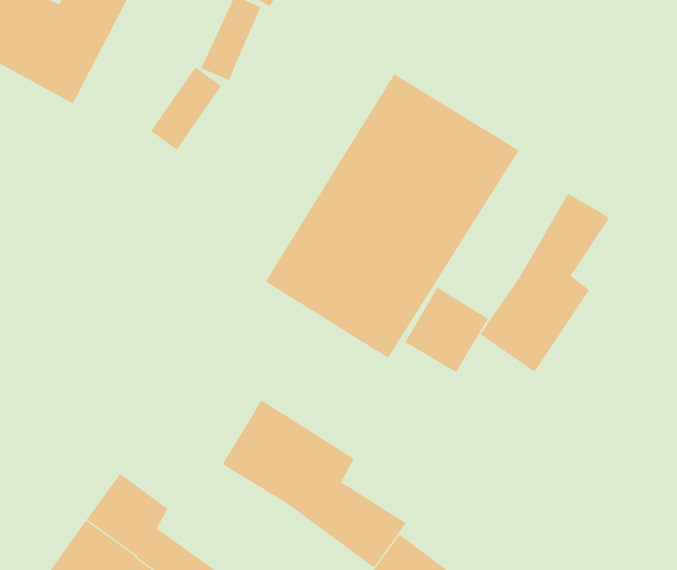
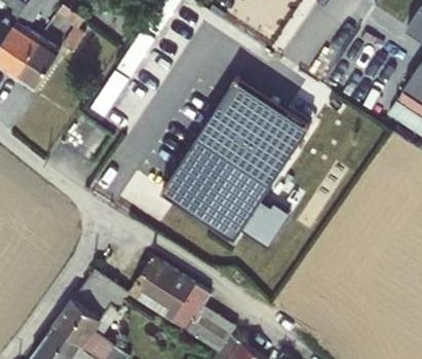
building: [480,193,610,373] -> none
building: none -> [76,272,135,323]

